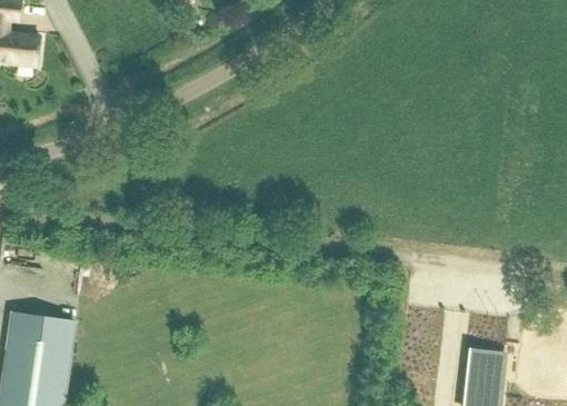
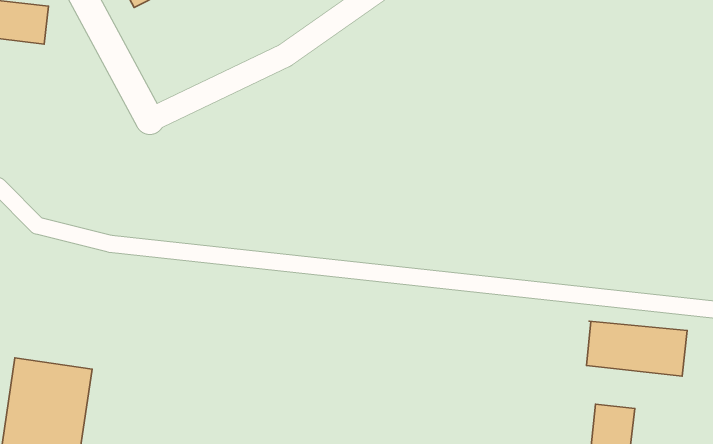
building: none -> [586,321,687,376]

